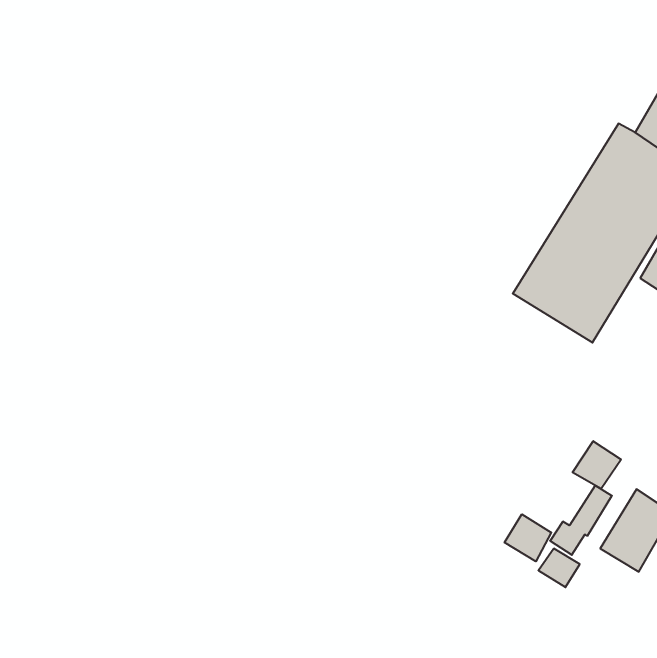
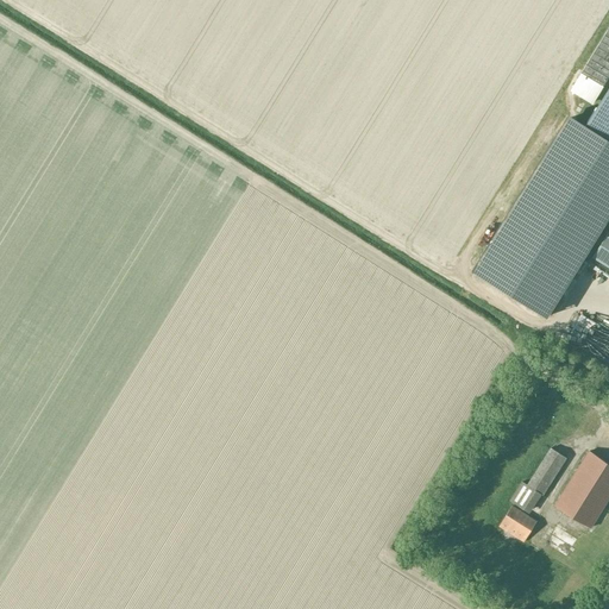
building: [573,441,621,489] -> none
building: [505,514,551,561] -> none

